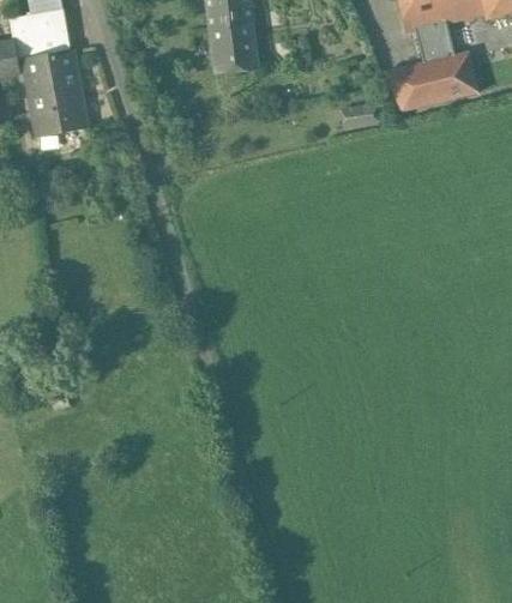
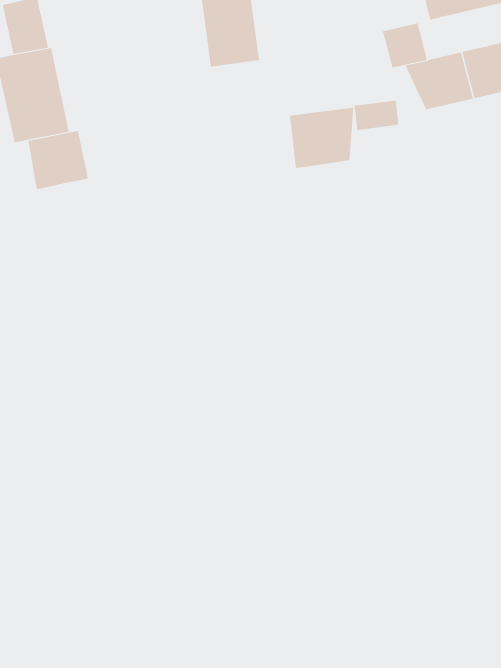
building: [414,24,453,64] -> [382,23,428,68]
building: none -> [290,107,354,169]
building: none -> [28,130,88,190]

